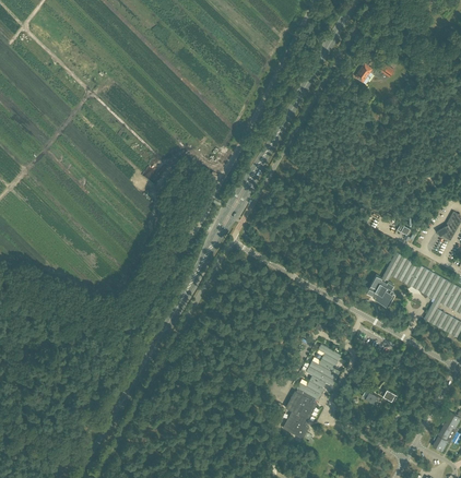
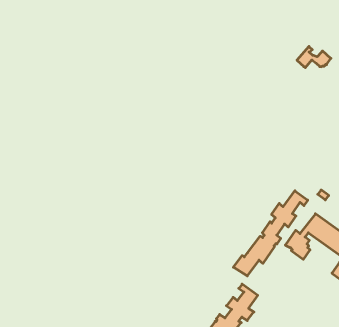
building: none -> [233,191,308,276]

